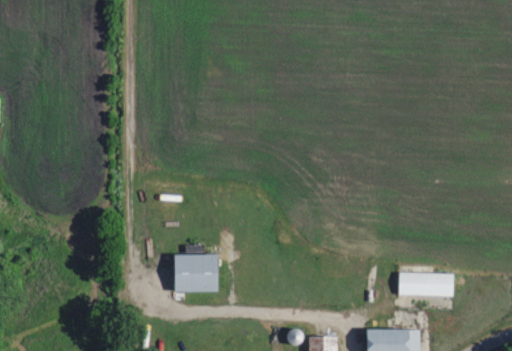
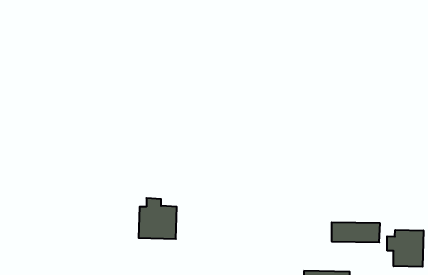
building: none -> [387,230,423,267]

